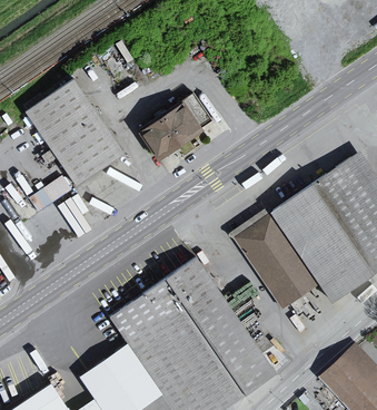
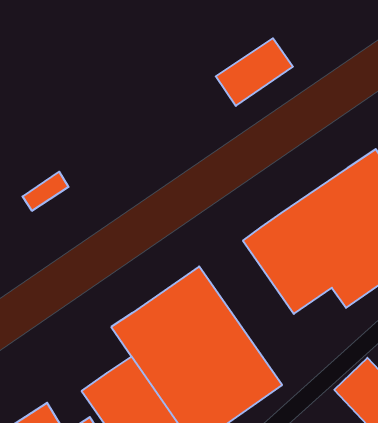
building: [27,81,121,184] -> none
building: [138,96,210,159] -> [216,38,293,106]

